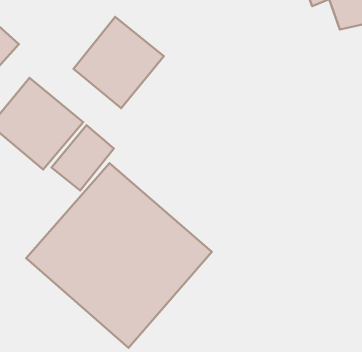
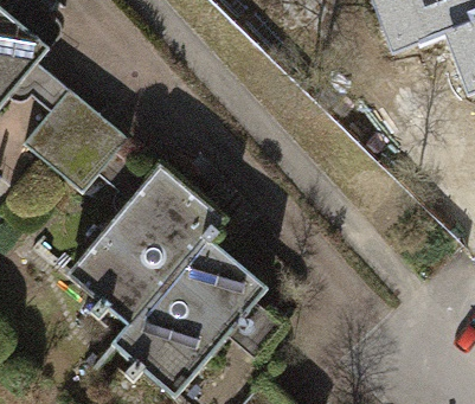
building: [73,17,164,108] -> none

